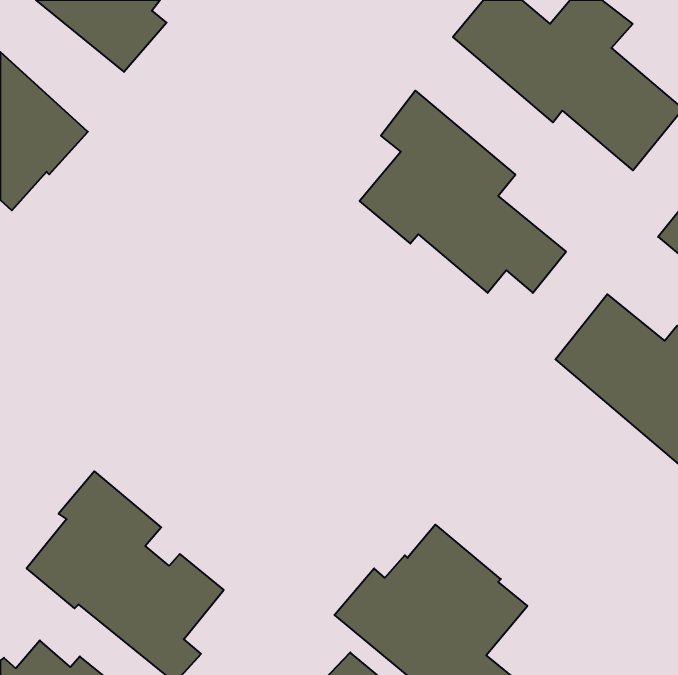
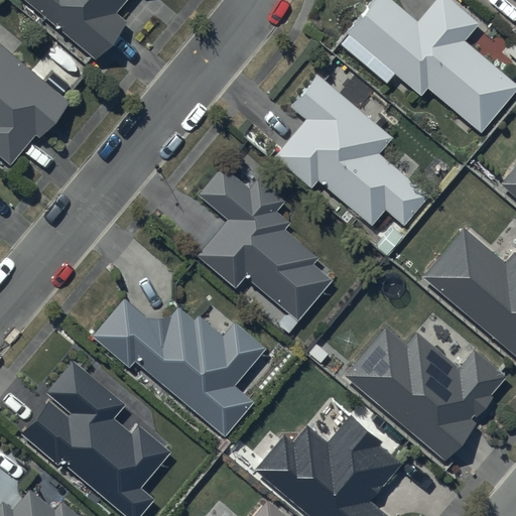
building: none -> [197,163,335,334]
building: none -> [92,297,266,435]
building: none -> [344,326,506,460]

